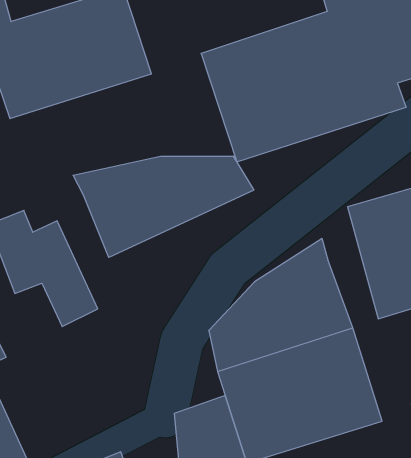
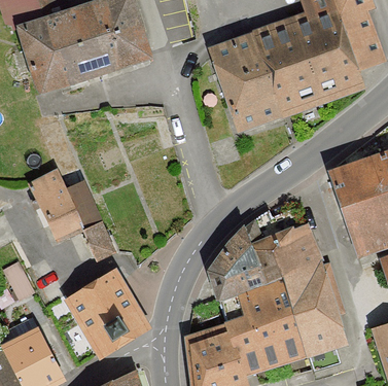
building: [73,156,254,257] -> none
building: none -> [62,265,154,358]

